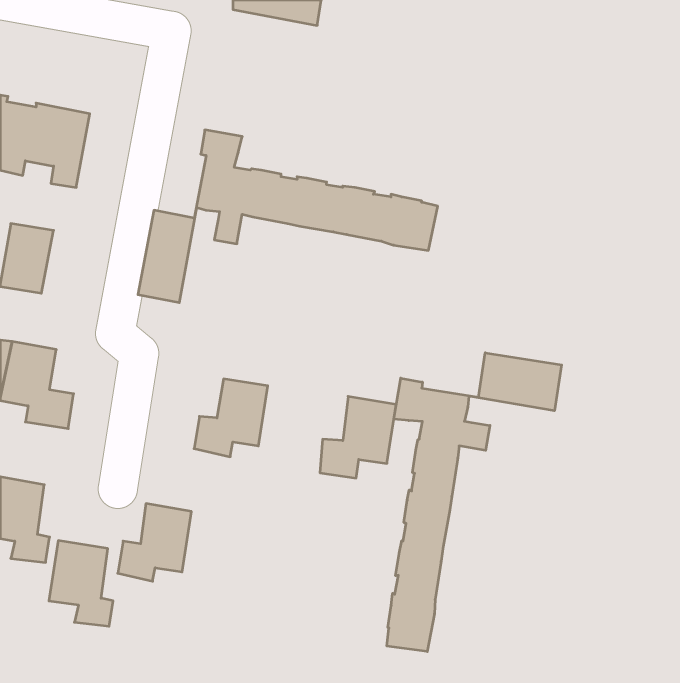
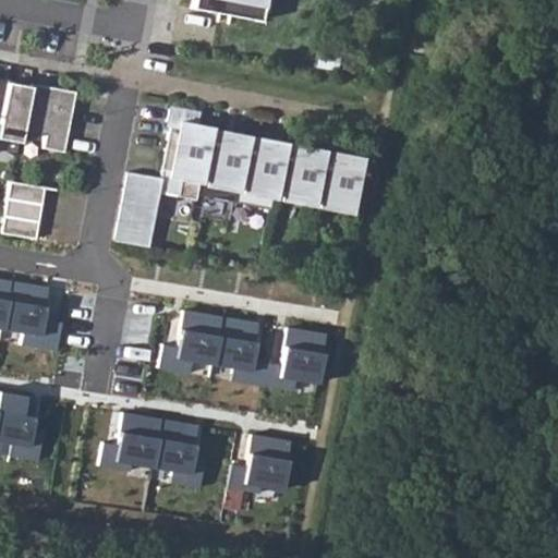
building: [387,353,562,652] -> none
building: none -> [214,315,266,386]
building: none -> [229,433,289,496]
building: [49,541,113,626] -> [151,417,204,487]

